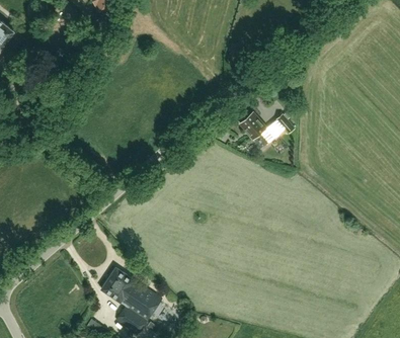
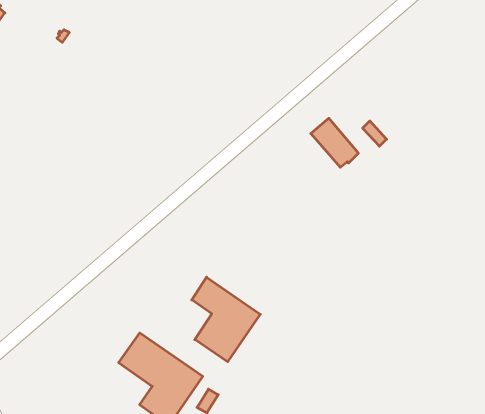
building: none -> [192,277,260,362]

